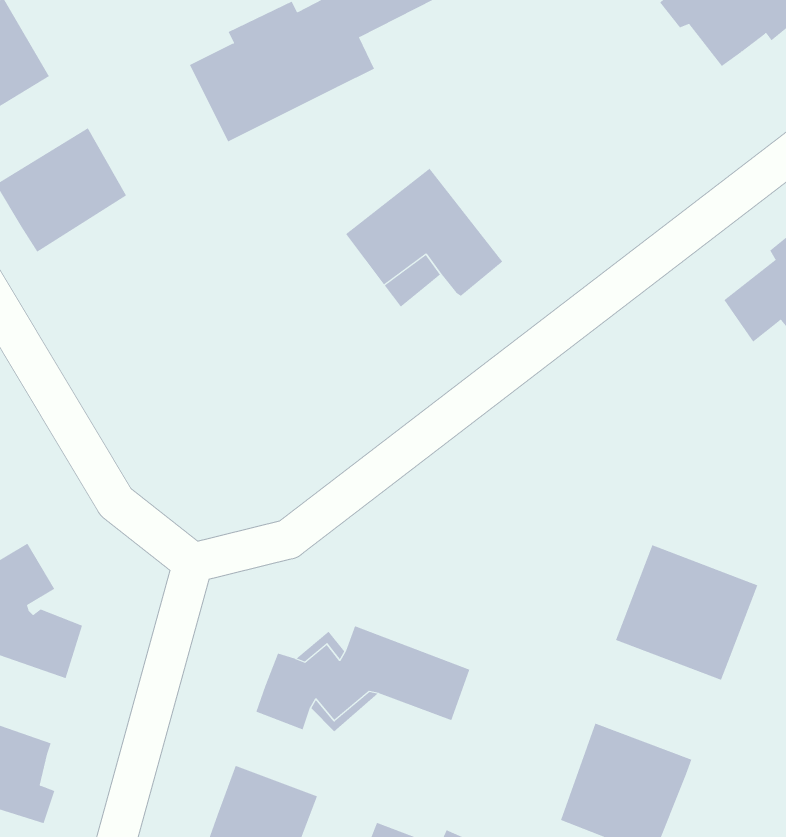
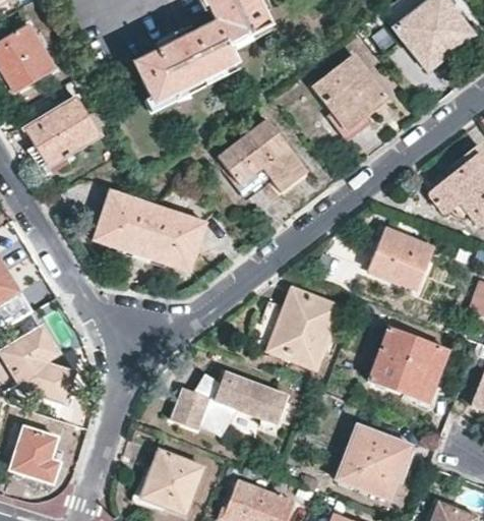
building: none -> [312,53,388,130]
building: none -> [93,188,206,272]
building: none -> [368,228,432,287]
building: none -> [252,289,337,364]

